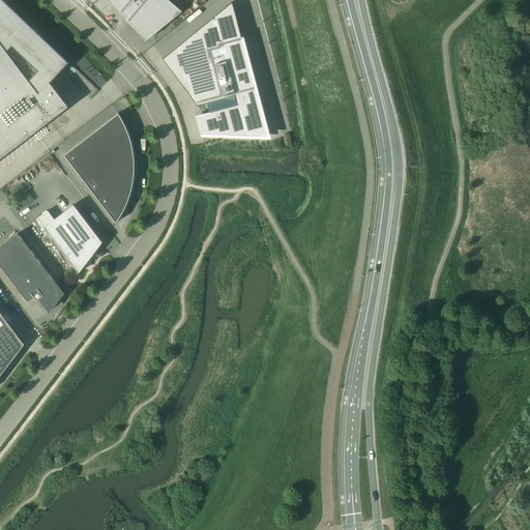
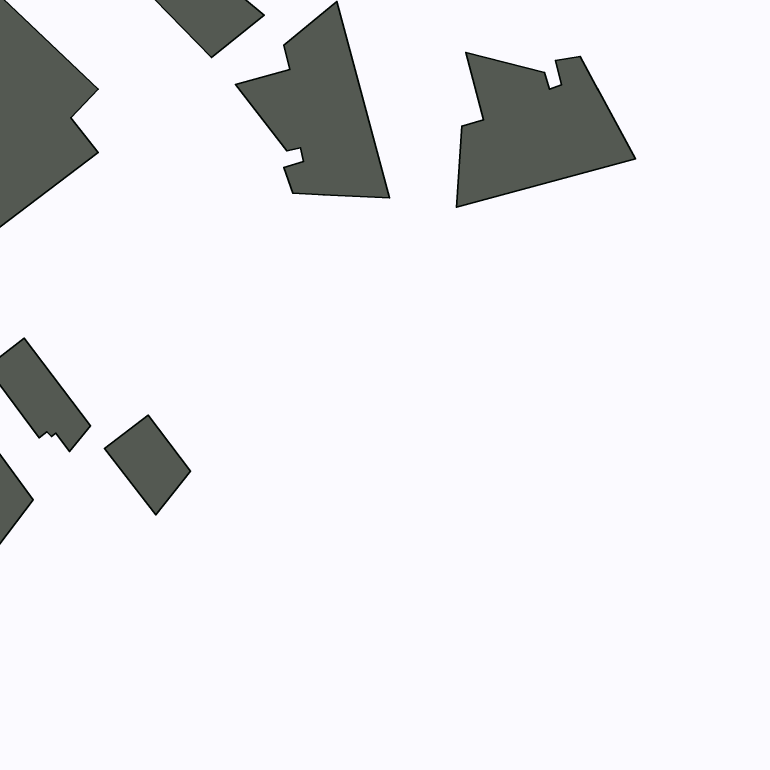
building: none -> [457,53,635,207]
building: [63,112,132,222] -> none
building: [42,203,101,271] -> [104,415,190,515]

